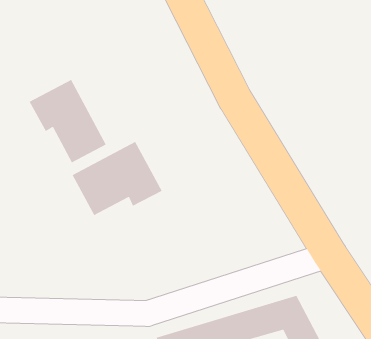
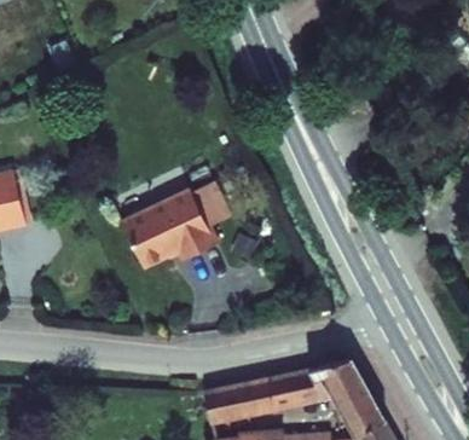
building: [29,79,107,163] -> none

